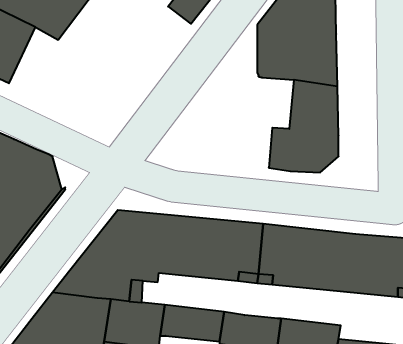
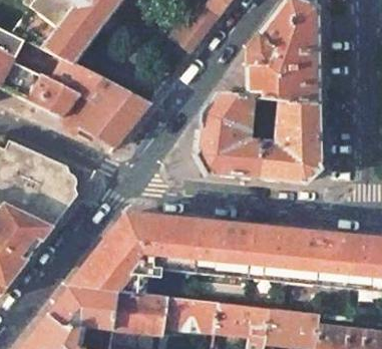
building: none -> [30,52,149,144]
building: none -> [199,91,261,176]

